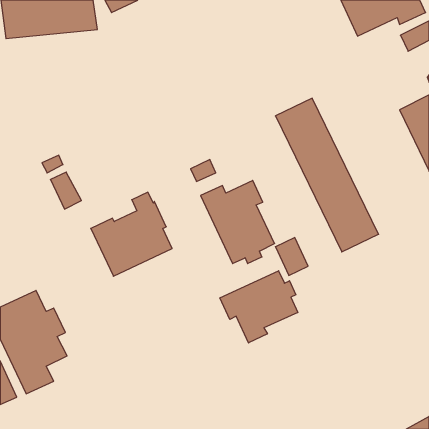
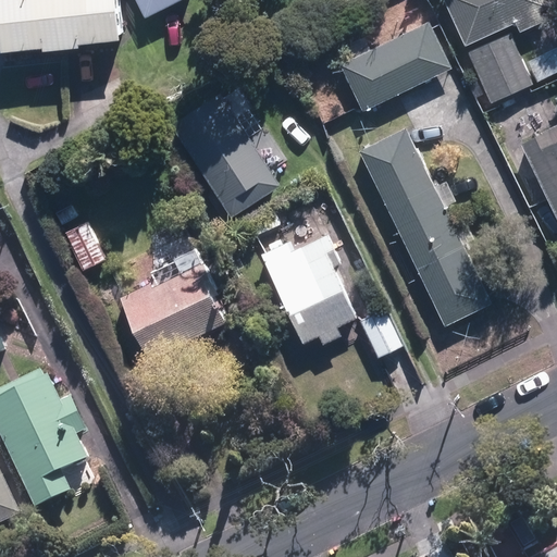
building: none -> [338,21,451,112]
building: none -> [468,34,532,104]
building: none -> [171,92,280,216]
building: [220,271,298,343] -> none

